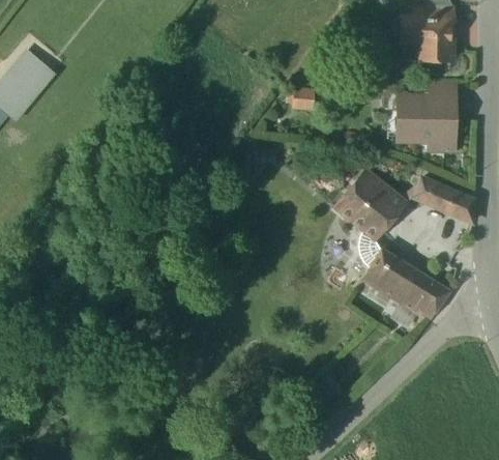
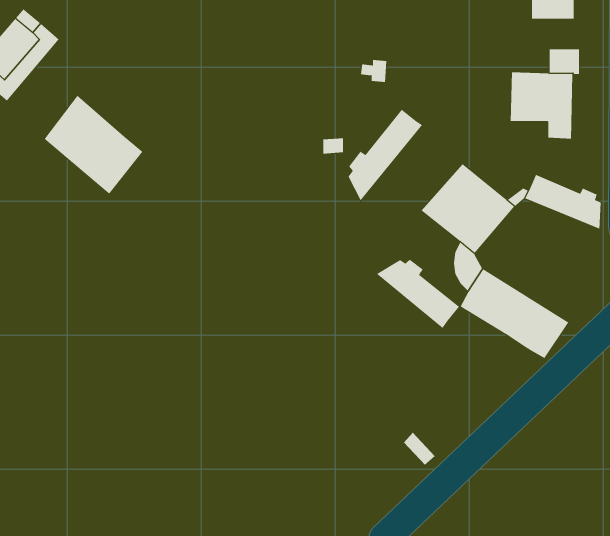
building: none -> [44,95,143,194]
building: none -> [348,109,423,201]
building: none -> [376,259,460,329]

